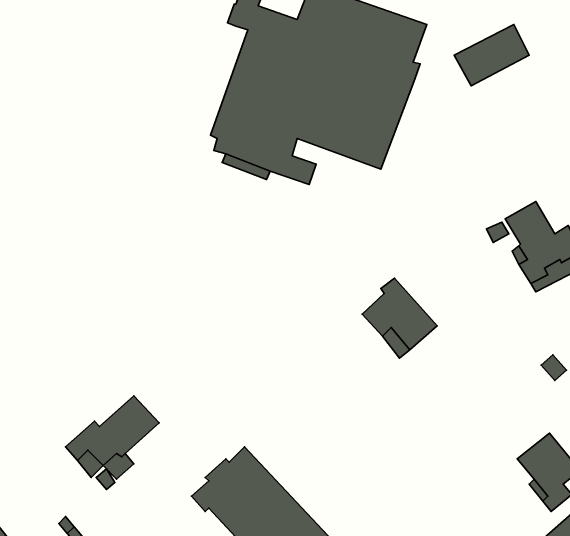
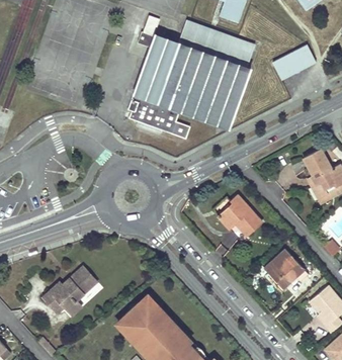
building: none -> [263,248,304,288]

